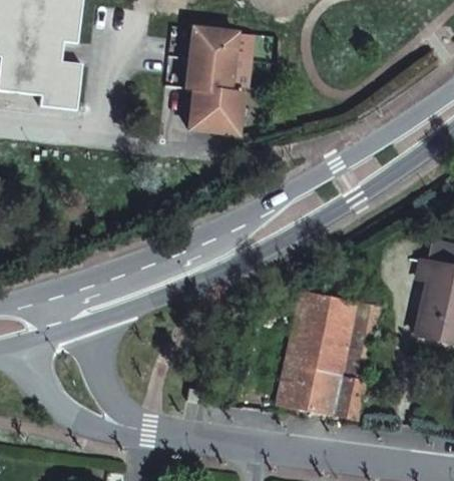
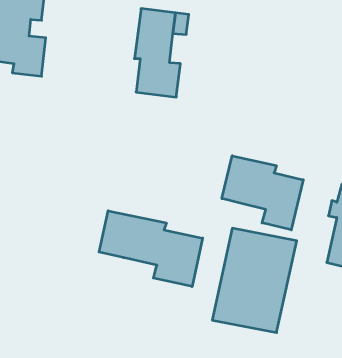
building: none -> [222,156,303,230]
building: none -> [99,211,203,287]

